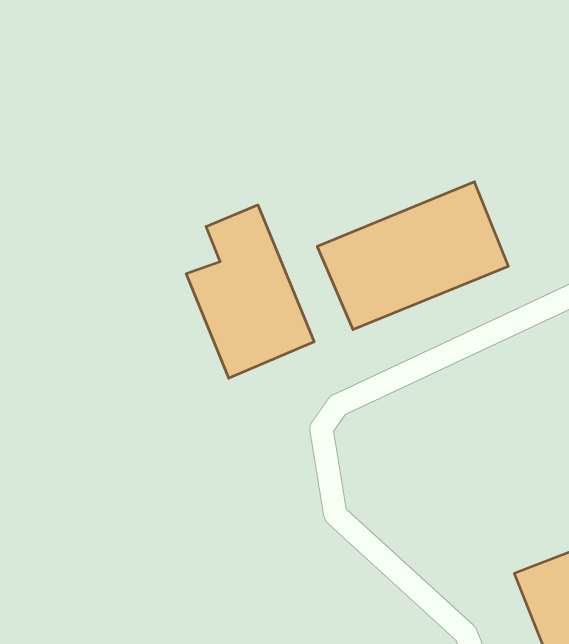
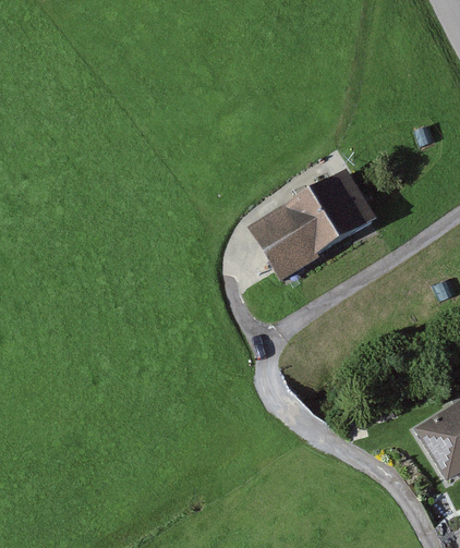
building: [186,205,314,378] -> none

